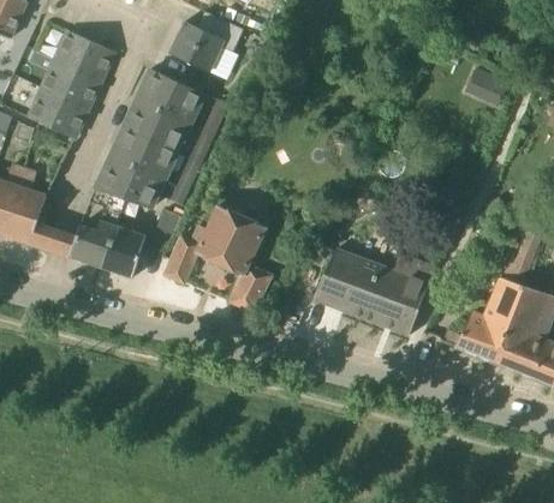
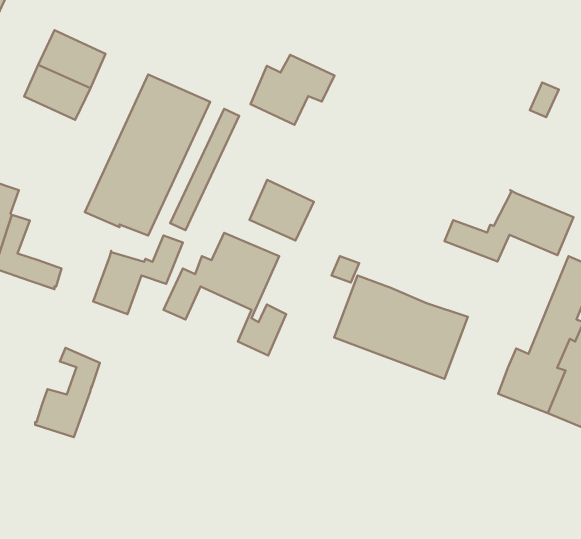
building: [169,11,243,72] -> [250,55,334,125]
building: [28,88,87,138] -> none
building: none -> [250,180,314,241]
building: none -> [444,190,573,262]
building: [68,188,125,267] -> [35,348,100,437]

